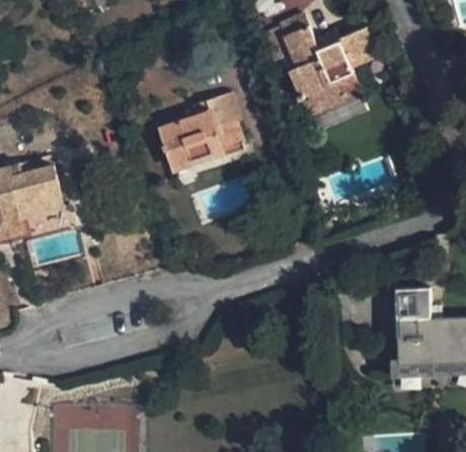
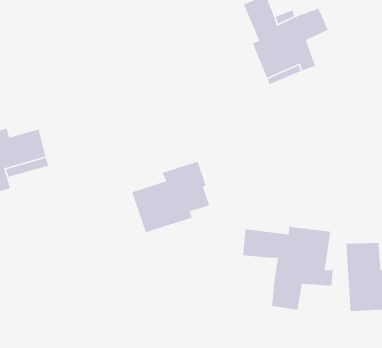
building: [157,93,244,173] -> [131,161,210,233]
building: none -> [242,226,334,310]

